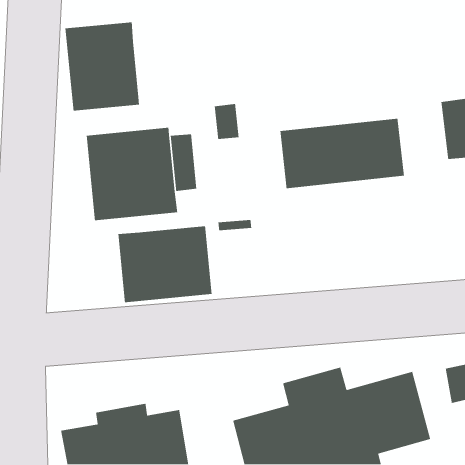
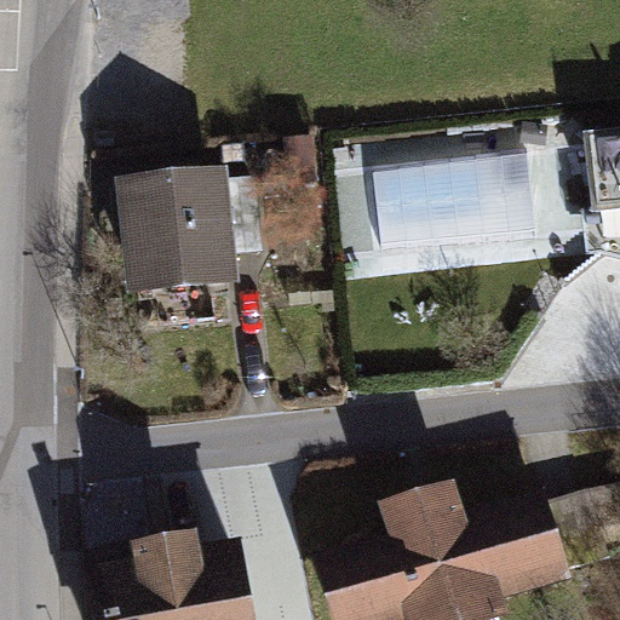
building: [65,21,140,112] -> none
building: [117,225,213,303] -> none

